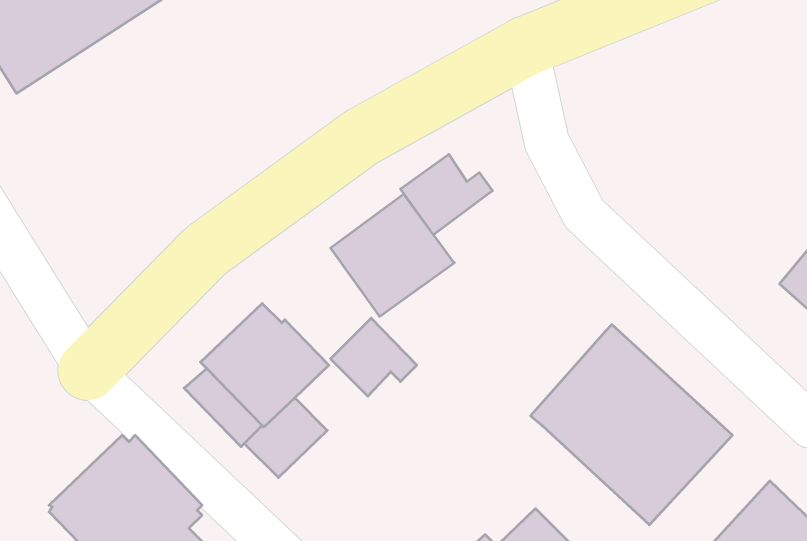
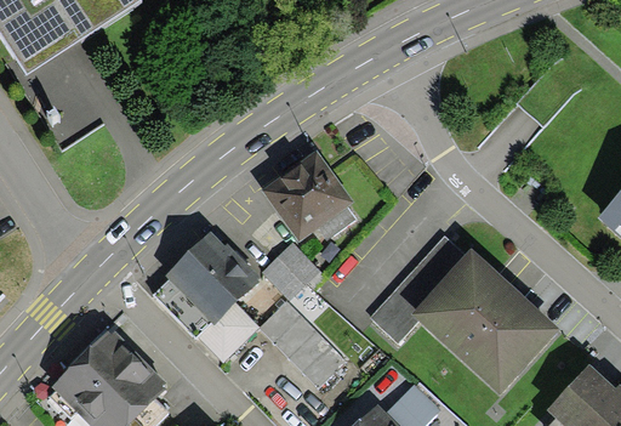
building: [401,154,492,235] -> none
building: none -> [370,234,466,343]
building: none -> [260,301,346,388]

